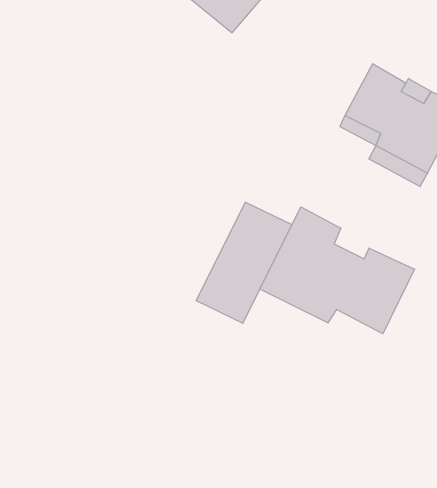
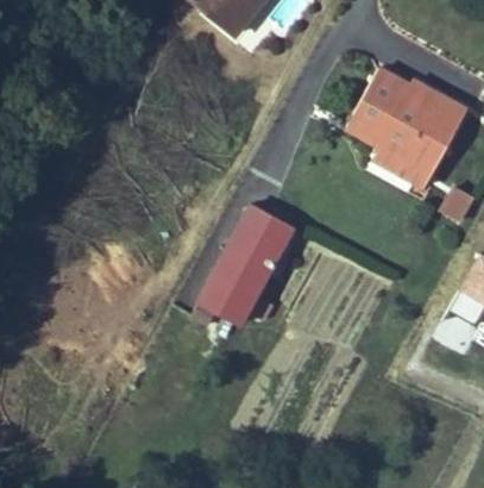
building: [260,207,415,334] -> none

